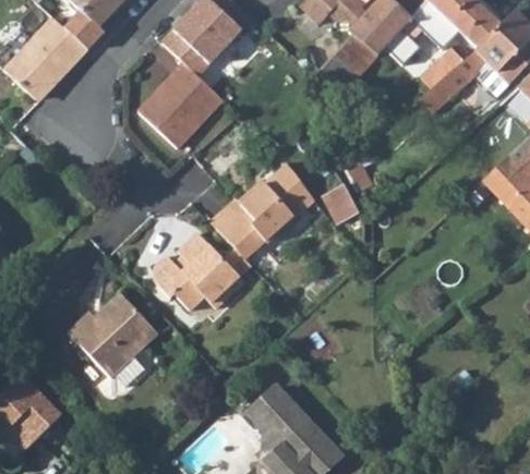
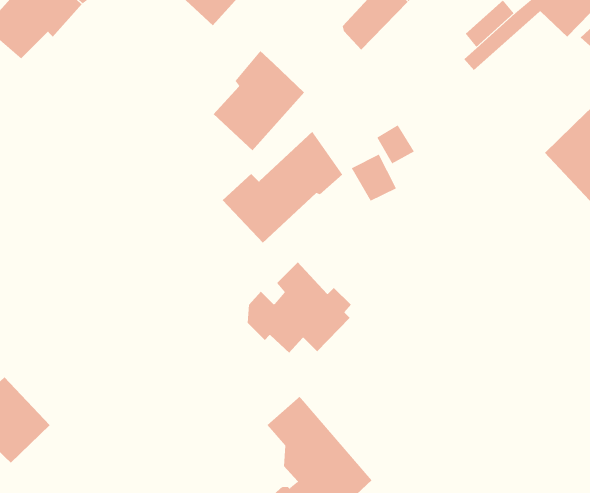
building: [149,61,228,147] -> [213,50,305,151]
building: [155,233,244,312] -> [247,261,352,354]
building: [70,294,158,377] -> none

